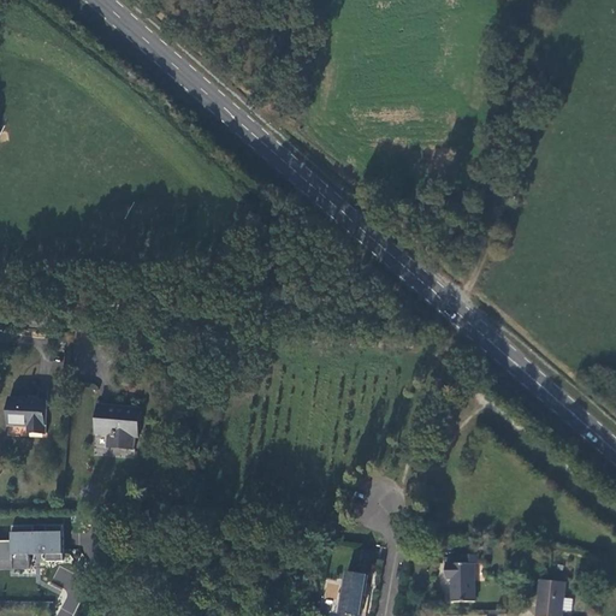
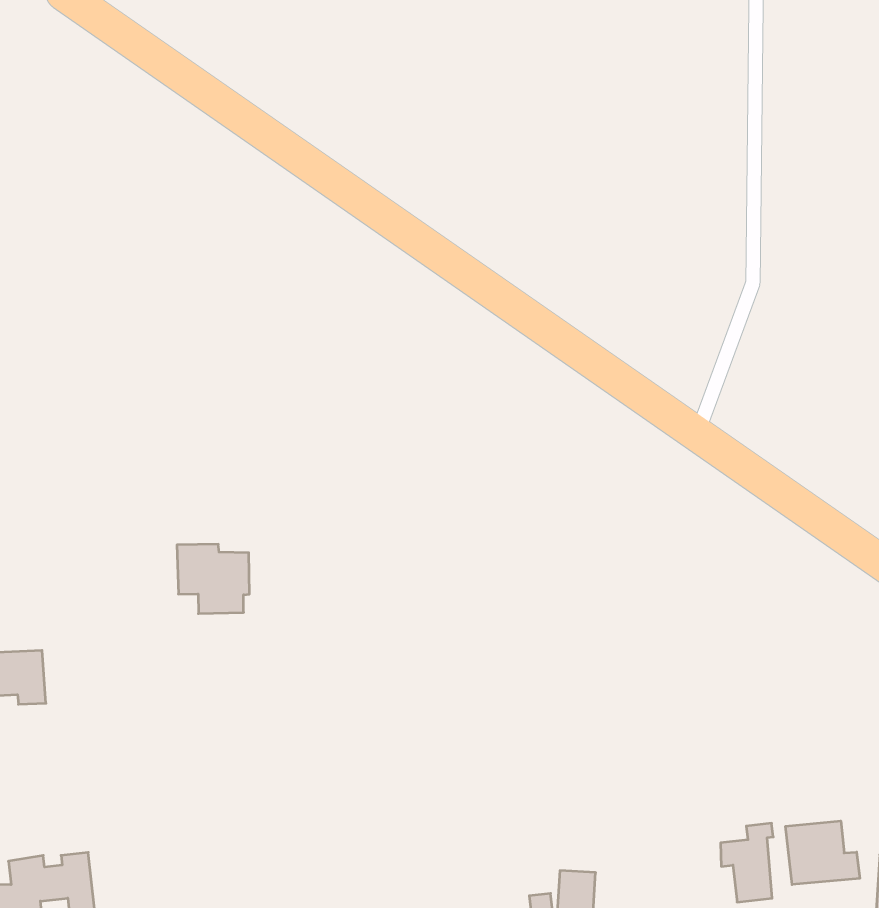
building: [91,404,137,450] -> [177,544,249,614]
building: none -> [786,821,860,885]

